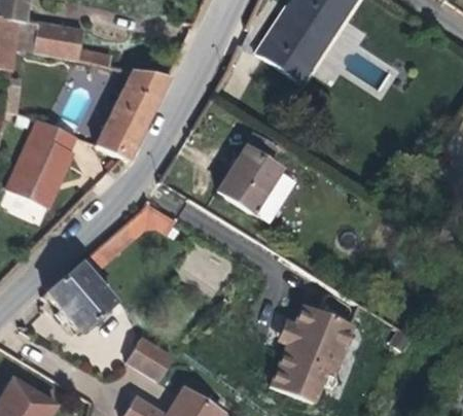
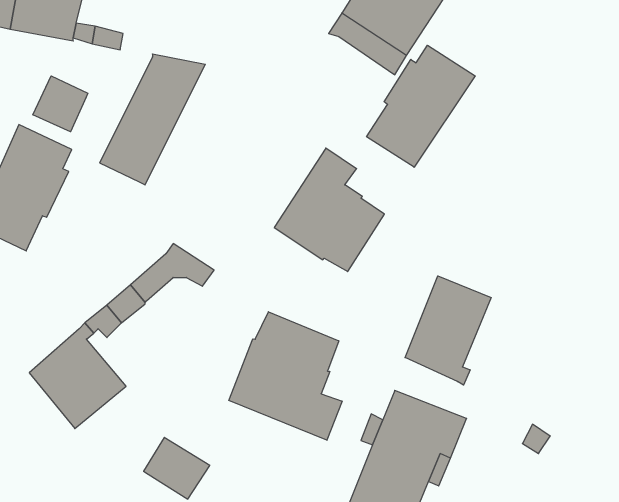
building: none -> [367,45,475,167]
building: none -> [33,76,88,132]
building: none -> [405,276,491,385]
building: none -> [229,312,342,440]

